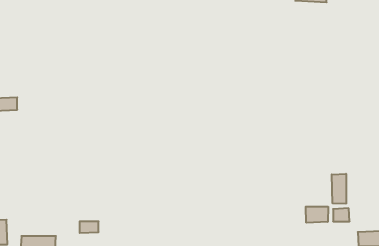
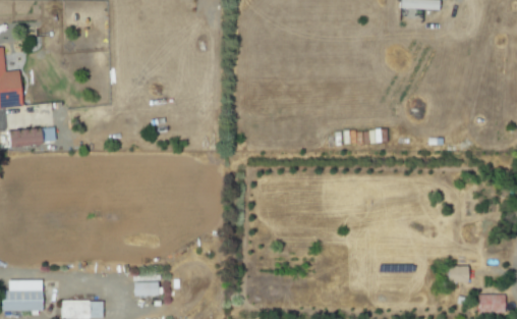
building: [332,174,346,204] -> none
building: [306,207,328,223] -> none

